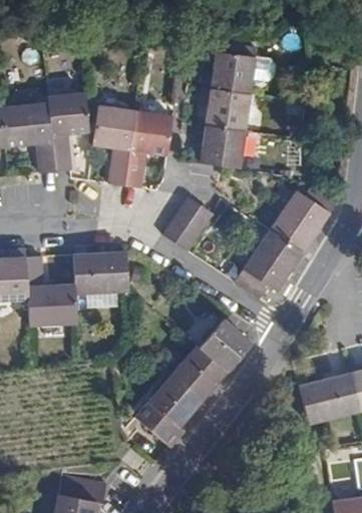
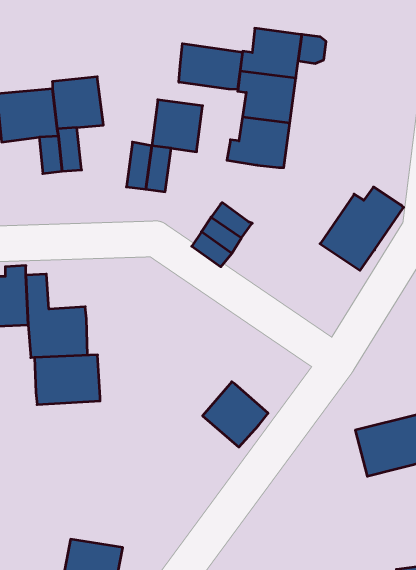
building: none -> [179,44,243,90]
building: [92,106,135,150] -> none
building: [235,231,303,301] -> none
building: [74,252,128,294] -> [35,355,100,405]
building: [200,319,252,372] -> none
building: [134,374,203,447] -> none

